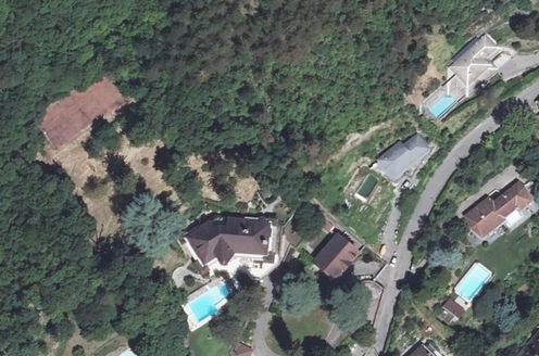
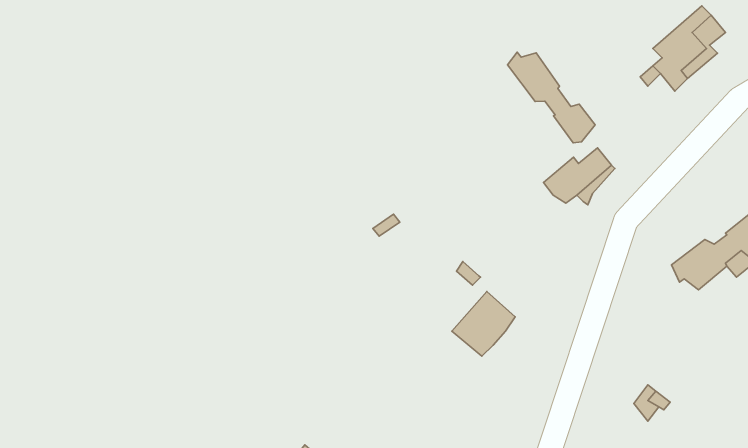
building: none -> [507,52,595,143]
building: [186,217,272,266] -> none

